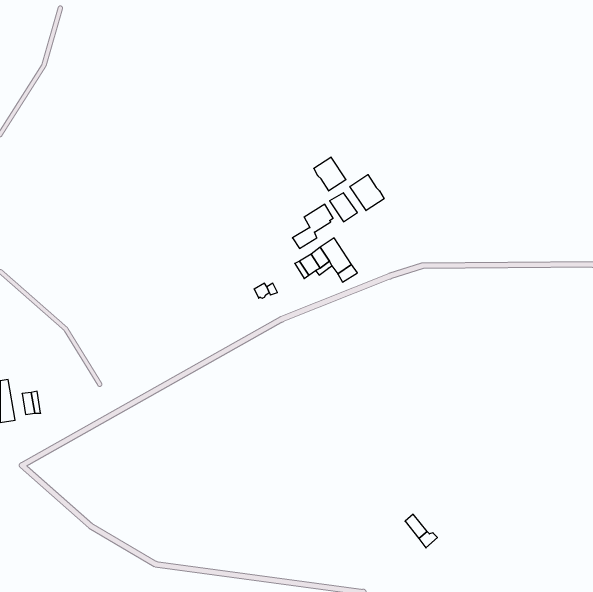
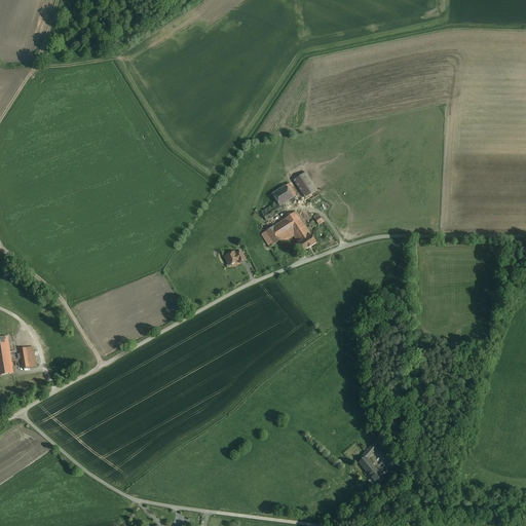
building: [314,157,346,191] -> none
building: [350,175,384,211] -> none

